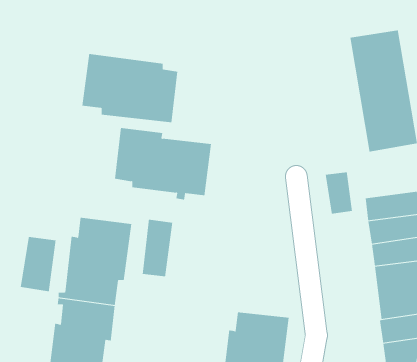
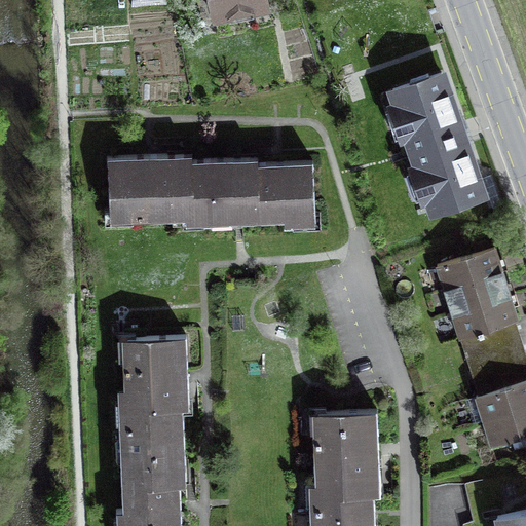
building: [114,127,212,200] -> [209,160,314,230]
building: [325,171,352,214] -> none
building: [142,219,173,277] -> none
building: [20,236,56,292] -> none

